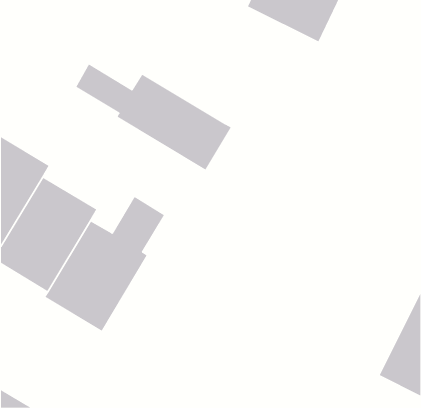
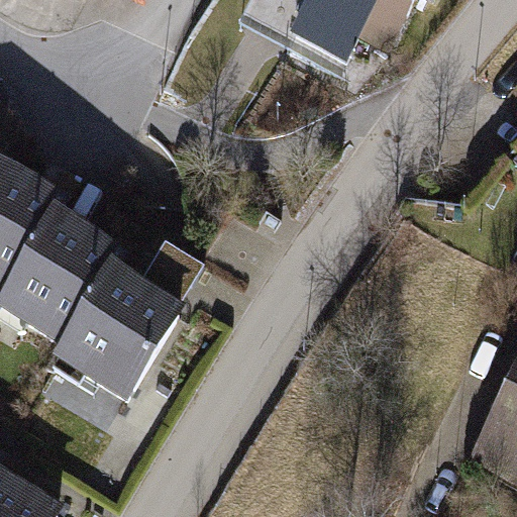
building: [76,64,232,171] -> none

